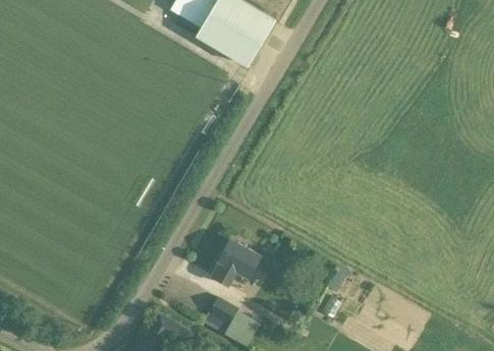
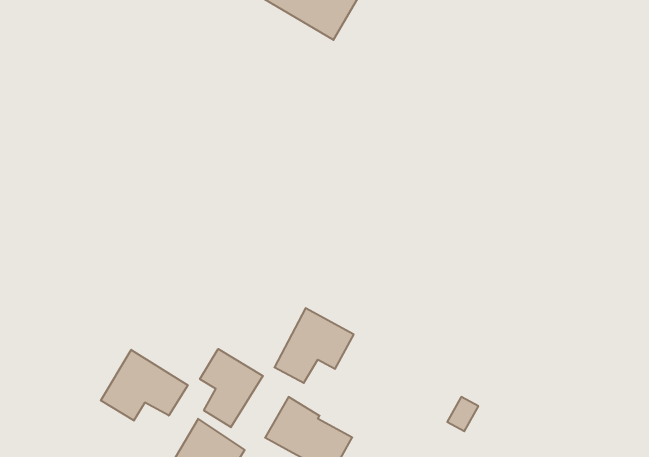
building: none -> [200,349,263,427]
building: none -> [101,350,188,421]

